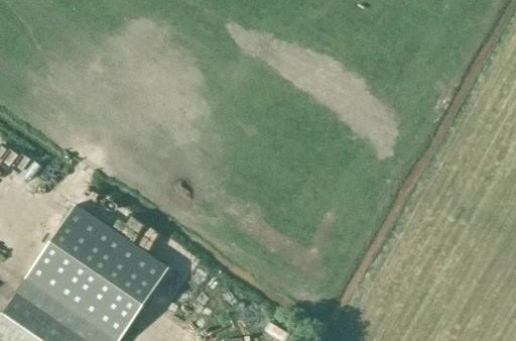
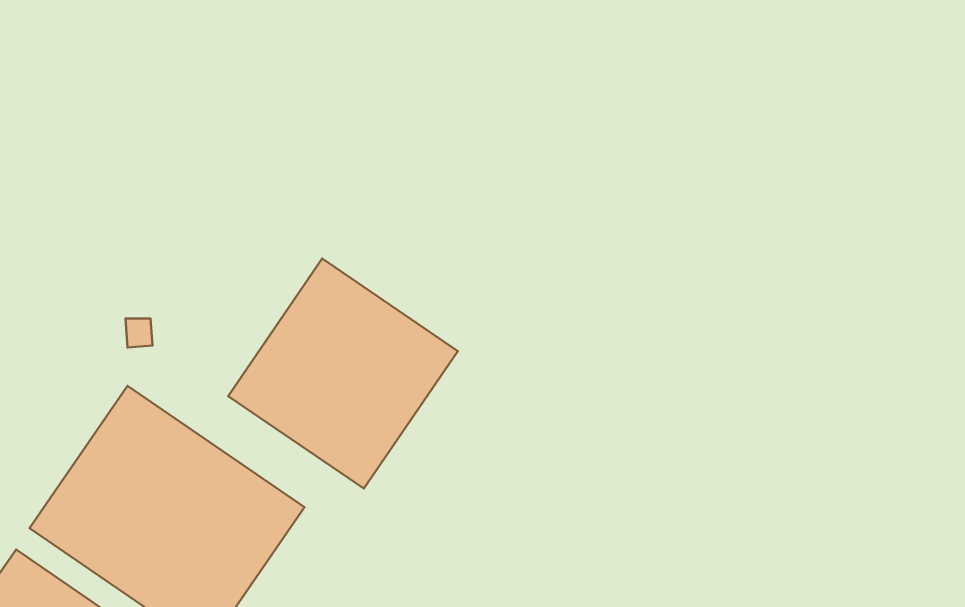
building: none -> [228,259,458,489]

